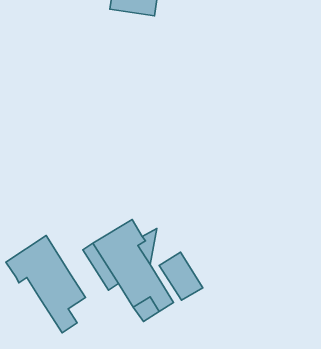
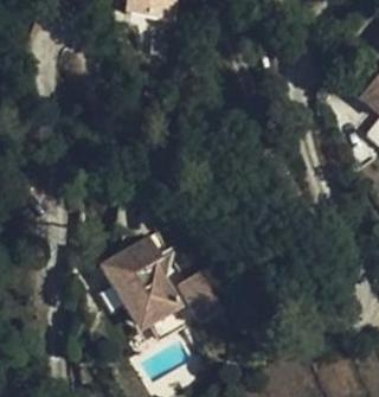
building: [6,235,86,333] -> none

